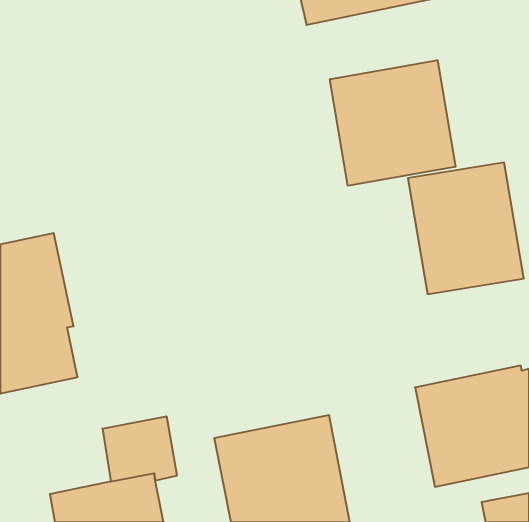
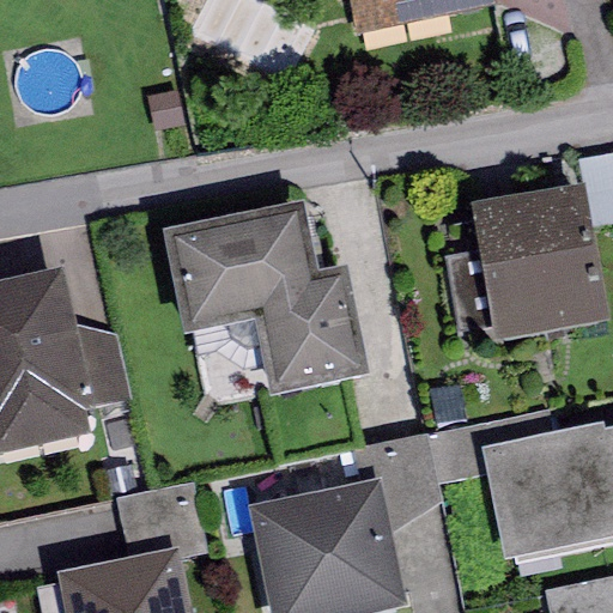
building: [330,60,455,186] -> none
building: none -> [160,202,368,399]

